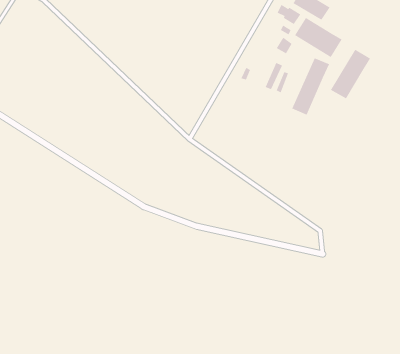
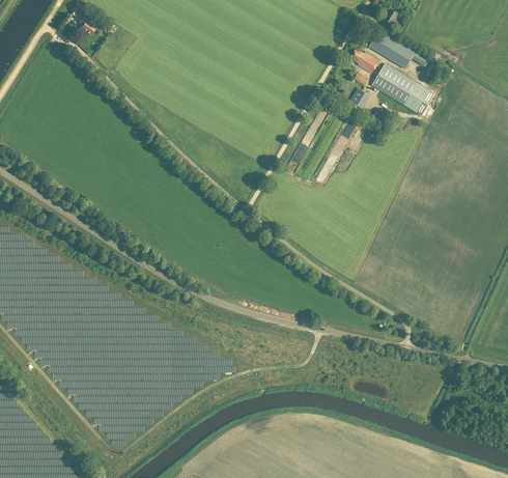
building: [330,49,371,99] -> none
building: [292,57,330,115] -> none

